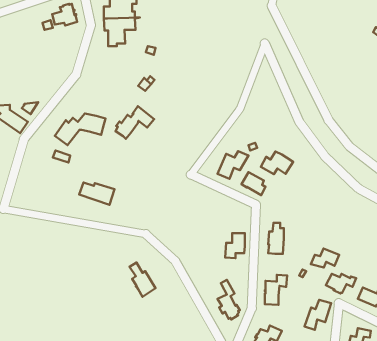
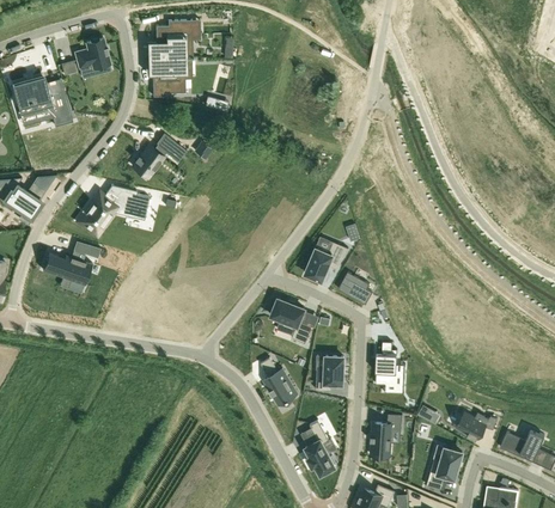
building: none -> [11,79,68,126]
building: [115,106,154,139] -> [132,133,185,178]
building: [261,152,293,174] -> none
building: [79,182,115,205] -> [42,253,91,284]
building: none -> [270,299,311,343]
building: [311,249,339,267] -> none
building: [130,262,155,297] -> [260,357,295,405]

